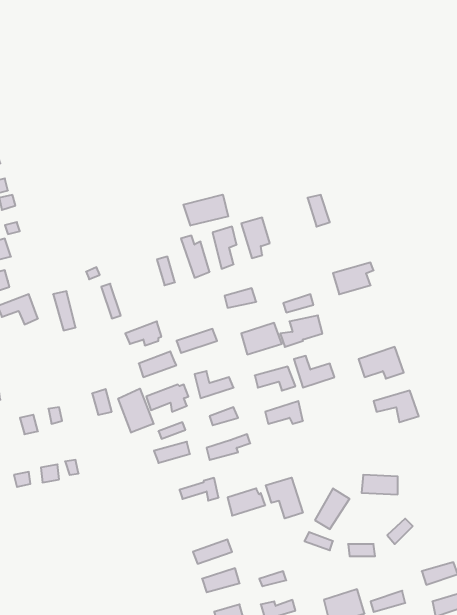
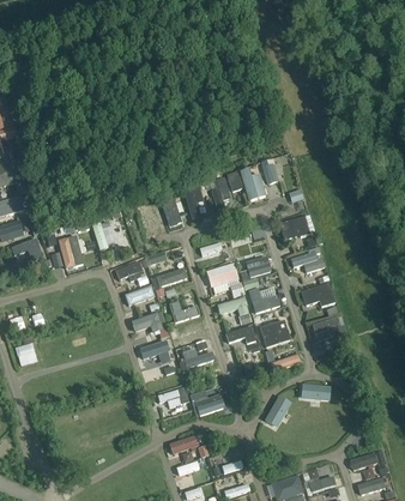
building: [183,195,228,226] -> none
building: none -> [238,168,265,201]
building: none -> [290,245,325,272]
building: [118,389,154,433] -> none
building: none -> [259,319,290,346]
building: [266,478,303,518] -> none

